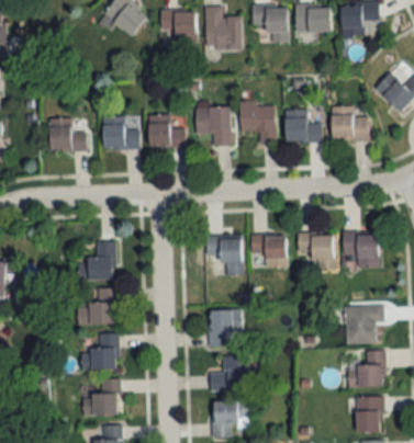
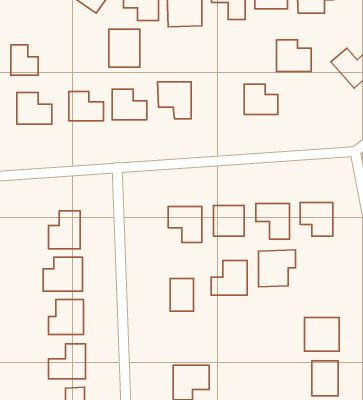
building: none -> [109,29,140,67]
building: none -> [11,45,38,75]
building: [239,102,276,144] -> none
building: [332,107,368,140] -> [276,40,311,72]
building: [345,306,383,344] -> [259,250,296,287]
building: [211,355,248,391] -> [211,260,247,295]

